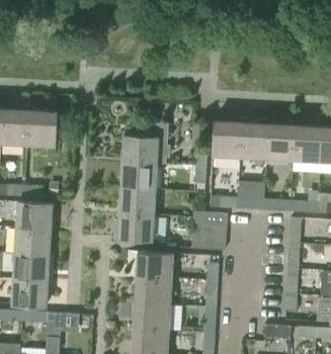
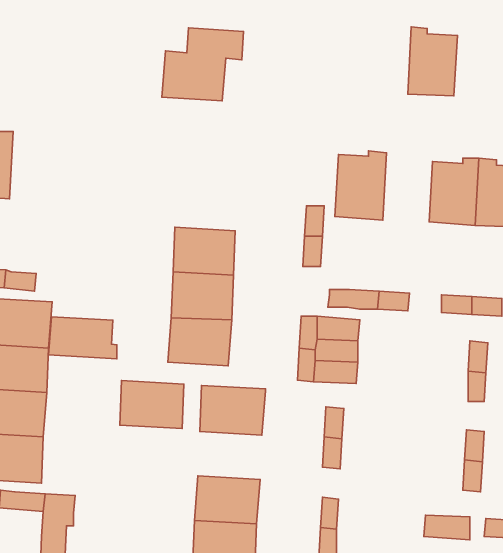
building: [27,106,57,146] -> none
building: [240,118,268,158] -> [408,27,457,96]
building: [121,121,168,163] -> [162,28,244,101]
building: none -> [48,317,117,359]
building: [135,277,171,304] -> [120,381,184,429]

